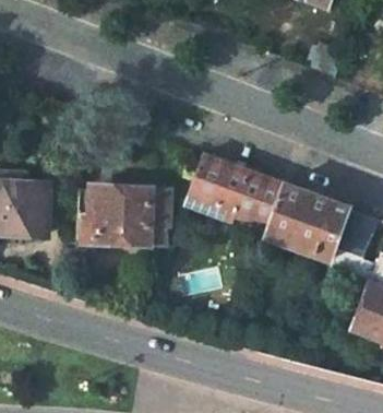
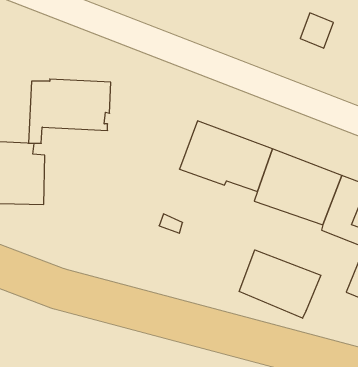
building: [79,189,163,255] -> [28,79,111,143]
building: none -> [239,250,321,318]

